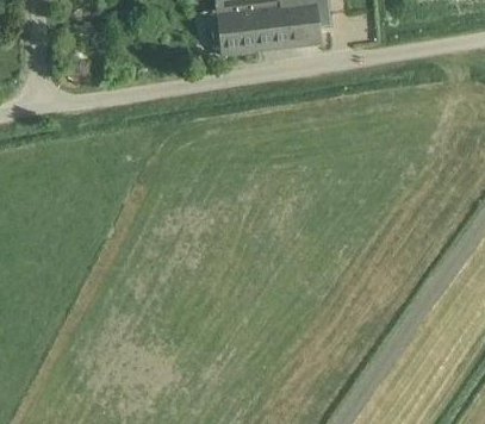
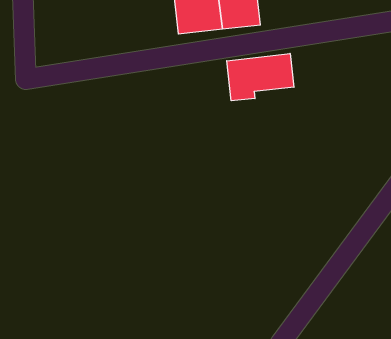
building: none -> [227,53,294,101]

